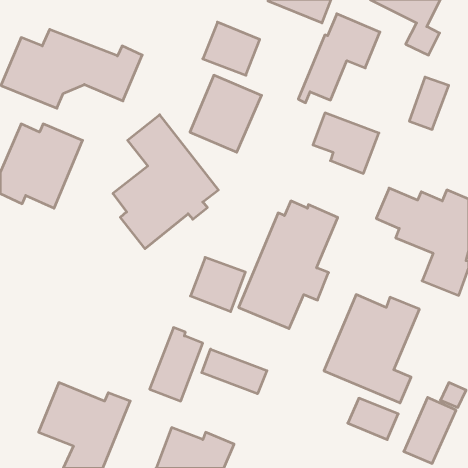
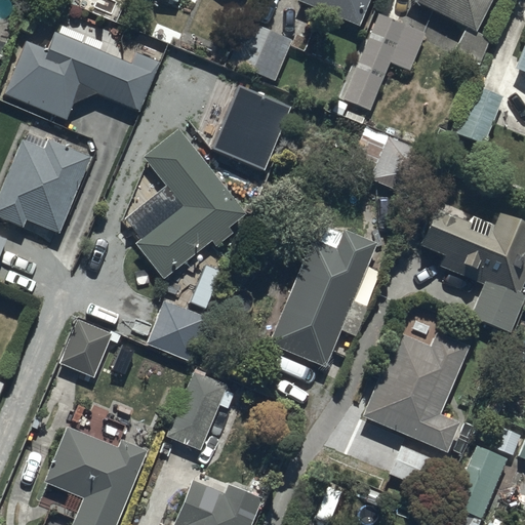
building: [190,257,245,312] -> [149,300,210,361]
building: none -> [62,319,112,375]
building: [202,349,267,394] -> none

